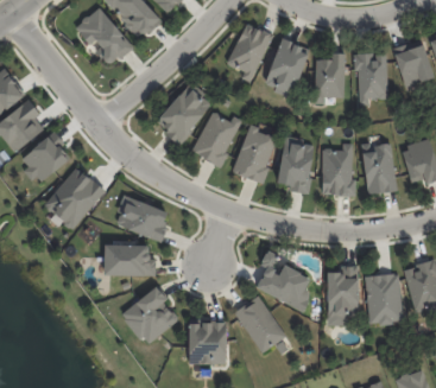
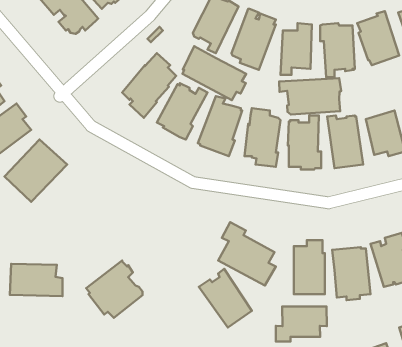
building: none -> [183,46,246,100]
building: none -> [279,78,341,115]
building: [118,198,169,243] -> none
building: [101,244,153,276] -> [10,264,63,296]
building: [188,320,227,365] -> none
building: none -> [276,307,327,341]

